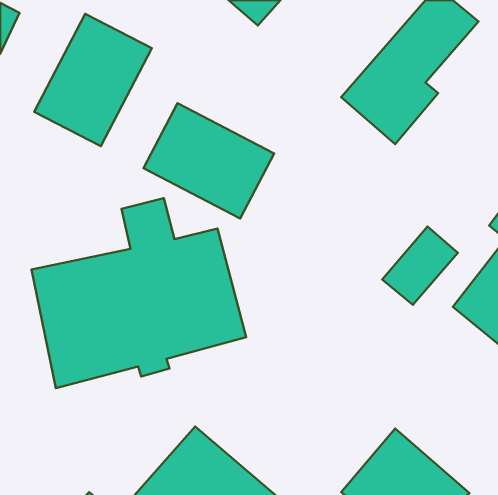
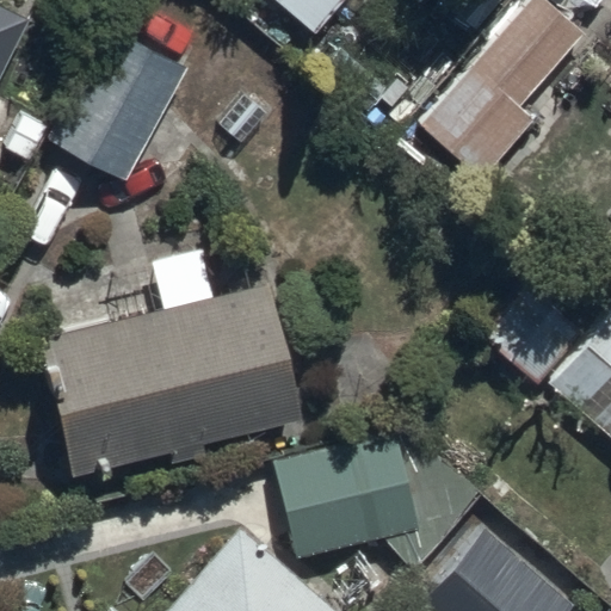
building: [143,103,274,218] -> none
building: none -> [274,434,421,557]

